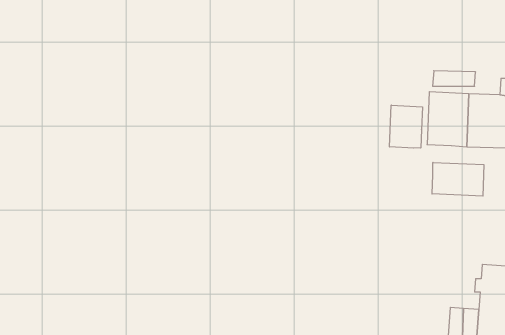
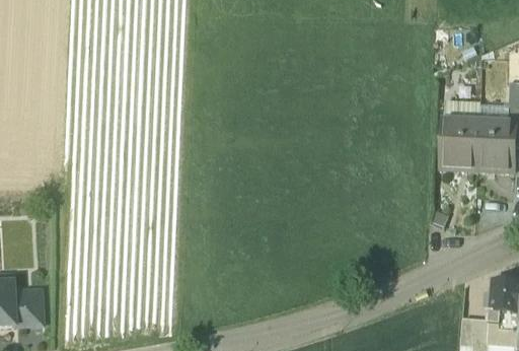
building: [390,105,422,148] -> none
building: [432,162,484,196] -> none

